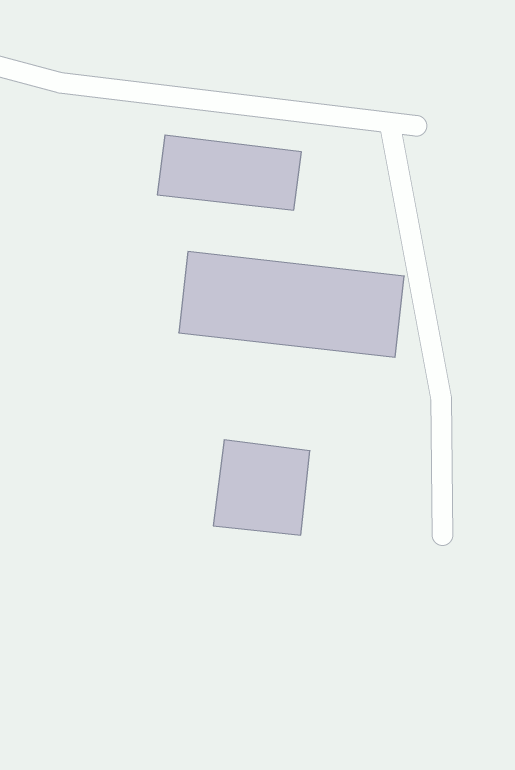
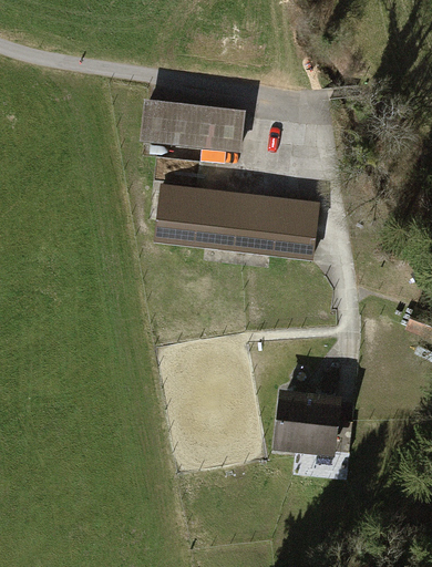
building: [213,440,310,535] -> [272,388,342,456]

